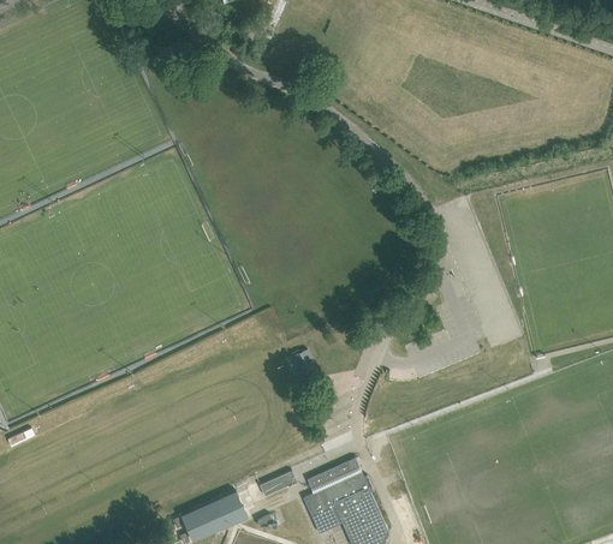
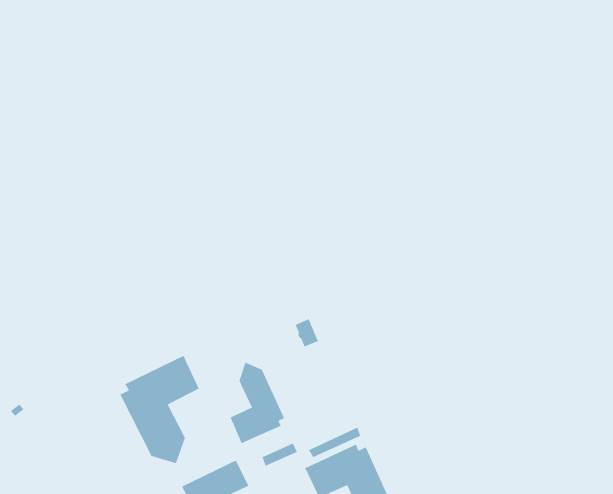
building: none -> [119,355,200,464]
building: none -> [230,361,285,444]

